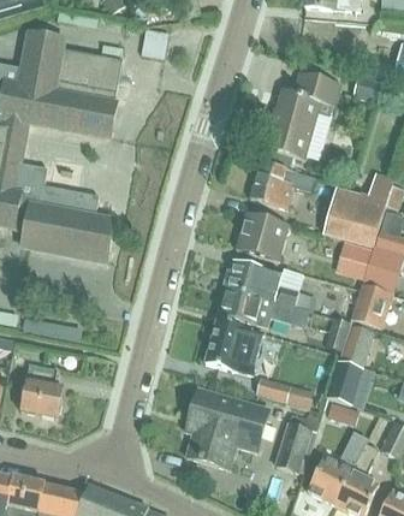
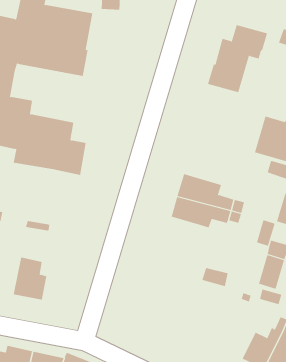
building: [250,160,313,207] -> none
building: [236,210,287,260] -> none
building: [204,319,262,373] -> none
building: [185,387,268,468] -> none
building: [275,422,310,470] -> none

